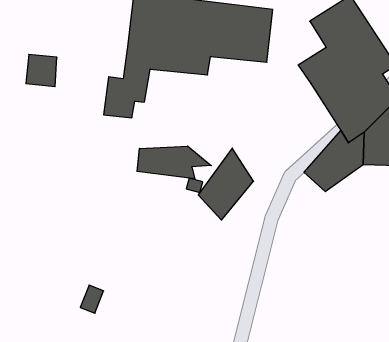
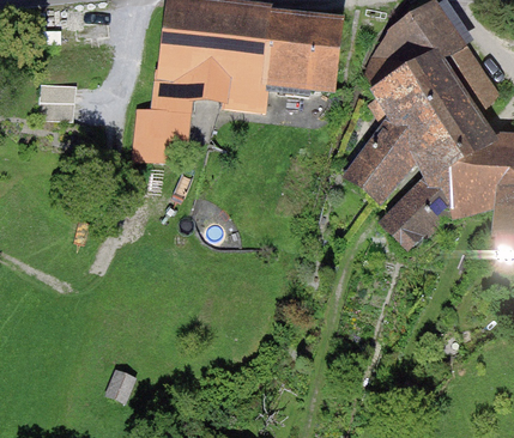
building: [137,146,211,179] -> none
building: [198,148,254,220] -> [346,114,415,202]

